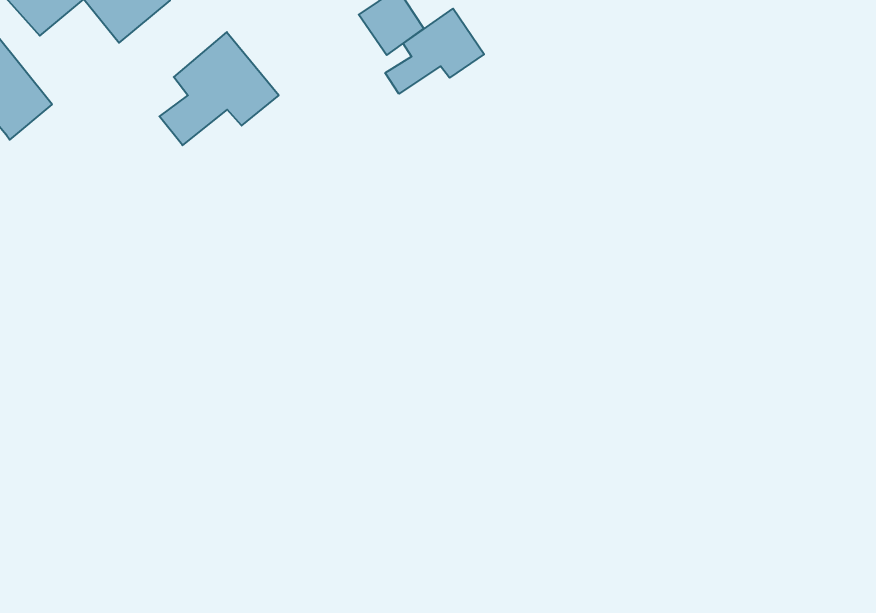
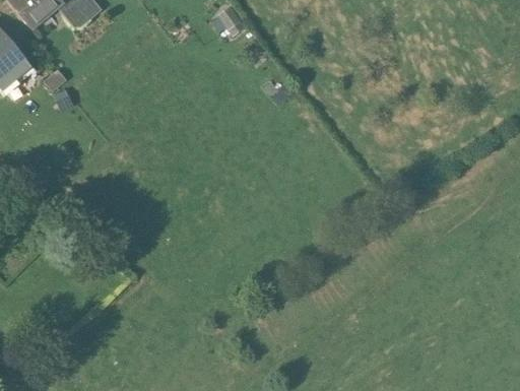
building: [385,9,484,94] -> none
building: [159,32,279,145] -> none

